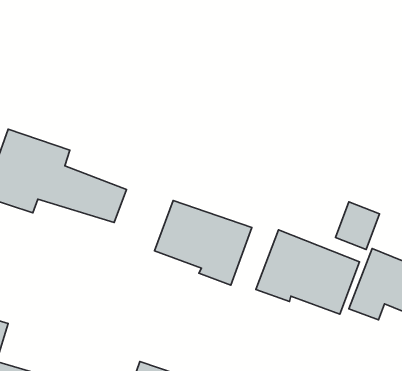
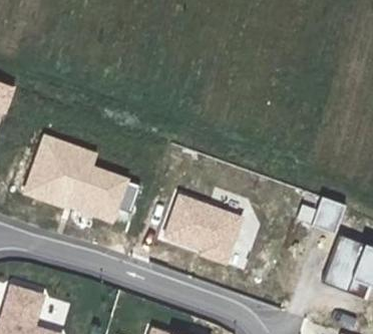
building: [256,230,359,314] -> none

